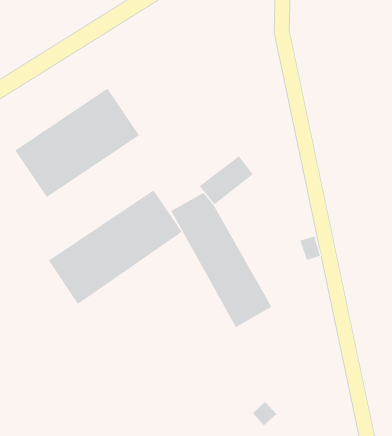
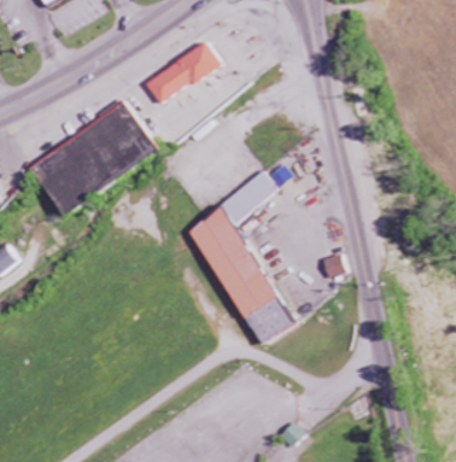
building: none -> [142,41,221,104]
building: [48,189,182,305] -> none

